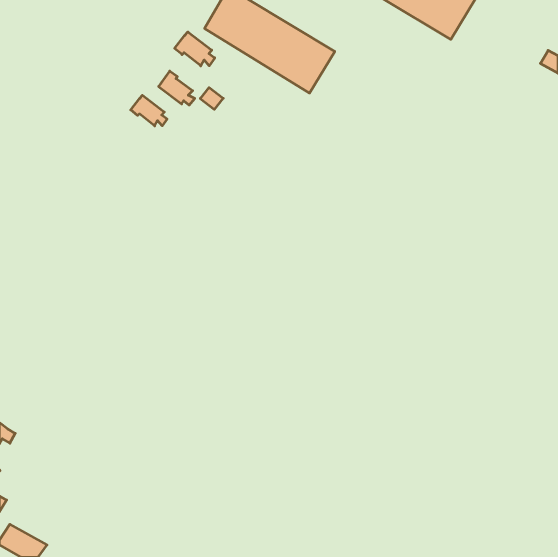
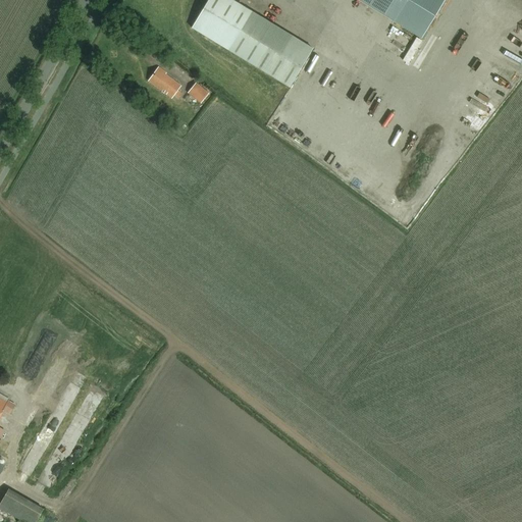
building: [175,32,215,66] -> none
building: [131,95,167,126] -> none

